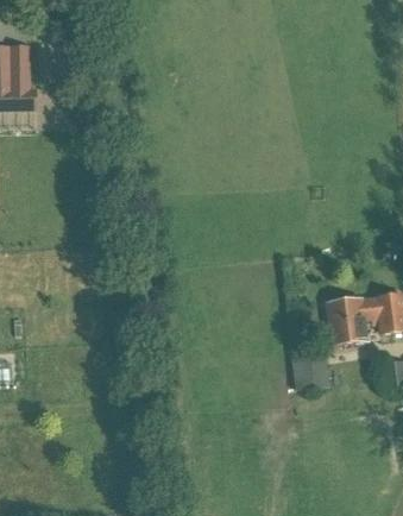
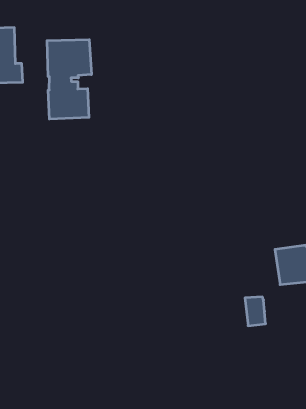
building: none -> [47,40,91,119]

